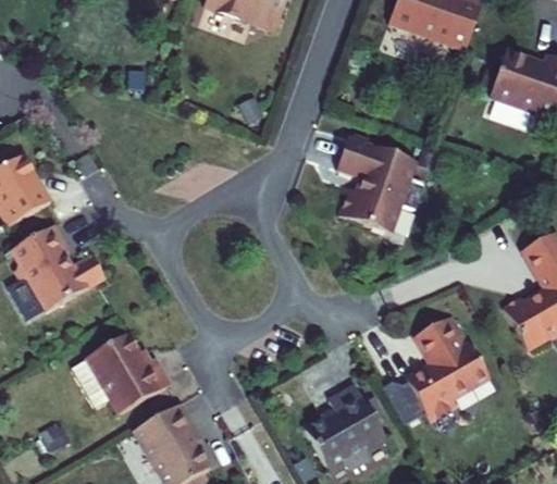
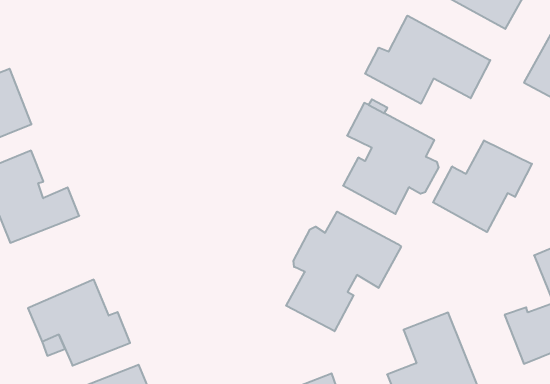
building: none -> [365,16,490,104]
building: none -> [433,140,532,232]
building: none -> [286,212,401,331]

